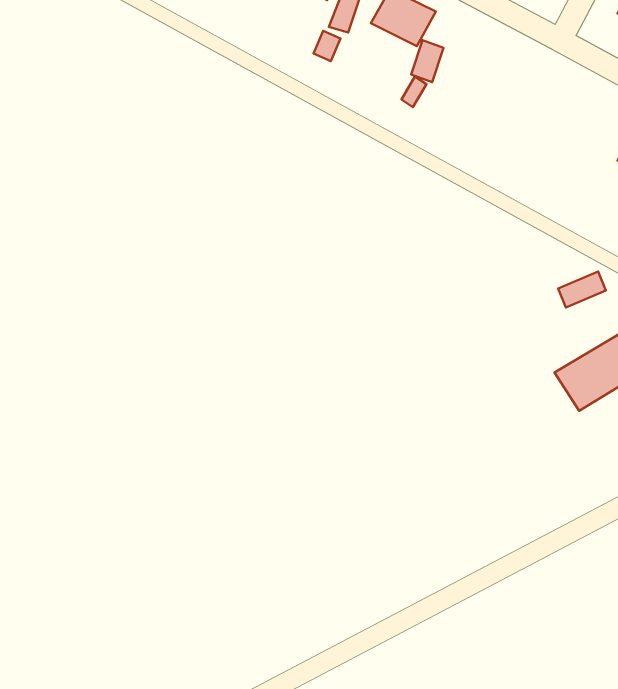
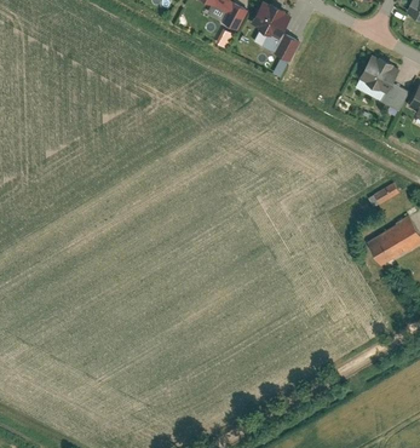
building: none -> [357,58,401,98]

